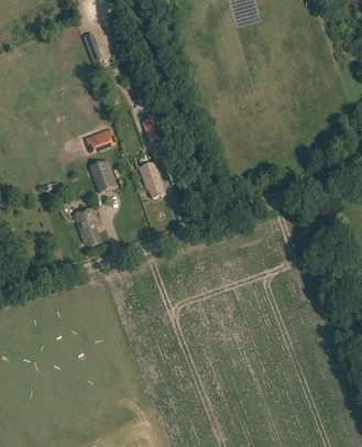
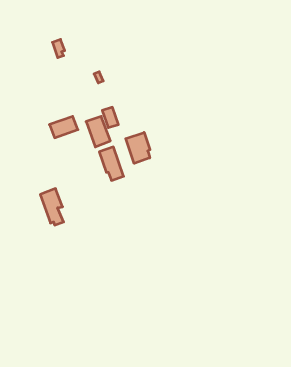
building: none -> [126,132,150,163]
building: [89,159,116,192] -> [86,116,110,147]

